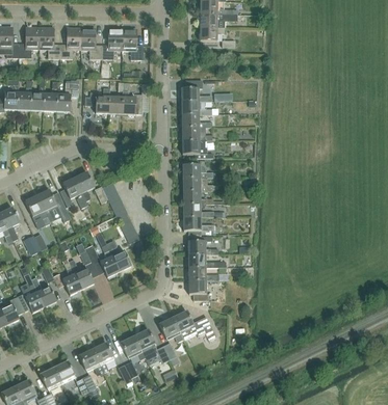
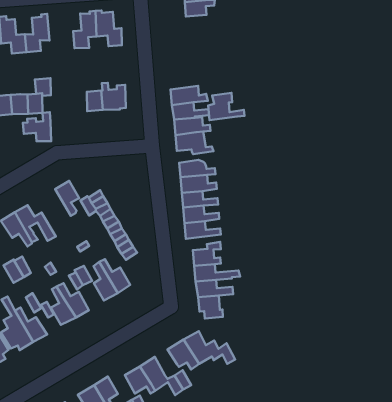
building: [81,27,102,58] -> none
building: [181,79,211,101] -> [208,93,244,120]
building: [85,88,109,113] -> [23,112,51,141]
building: [60,178,88,209] -> none

